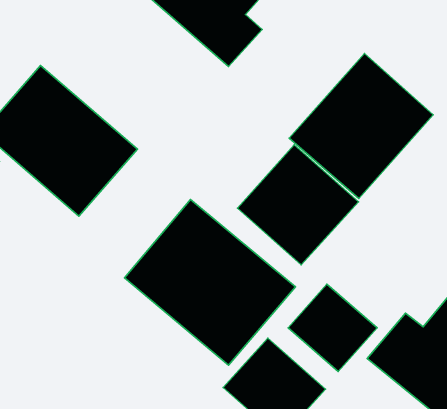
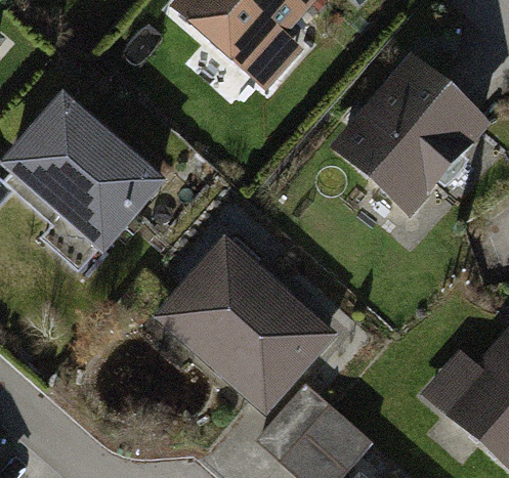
building: [238,145,358,265] -> none
building: [288,284,377,372] -> none

